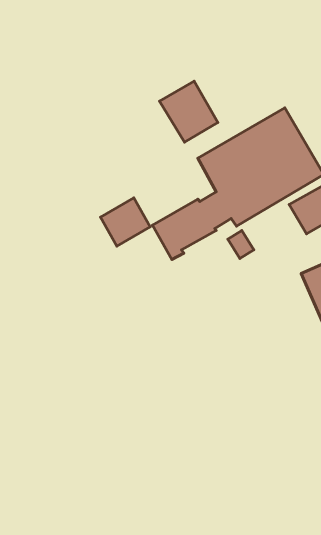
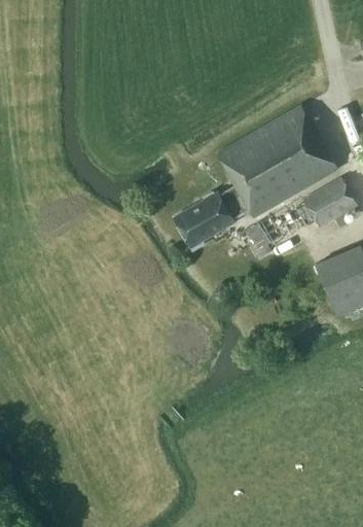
building: [159,81,218,142] -> none
building: [101,198,150,246] -> none

